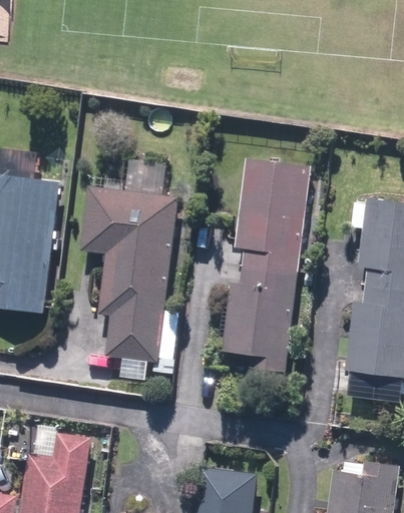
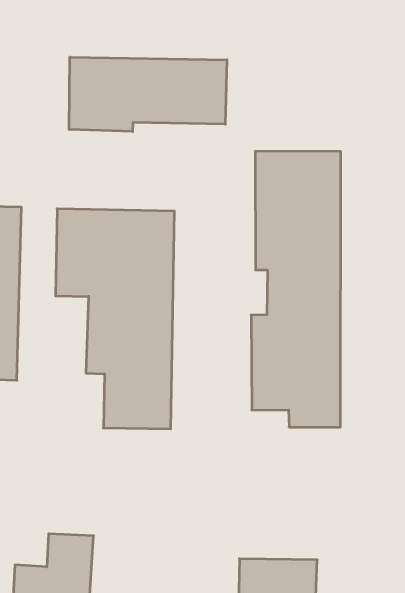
building: none -> [69,57,227,132]

